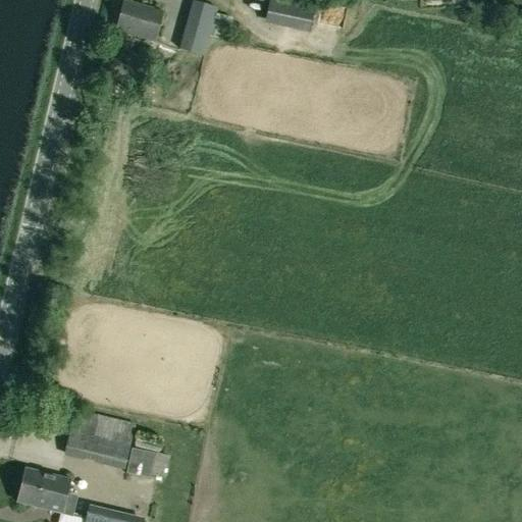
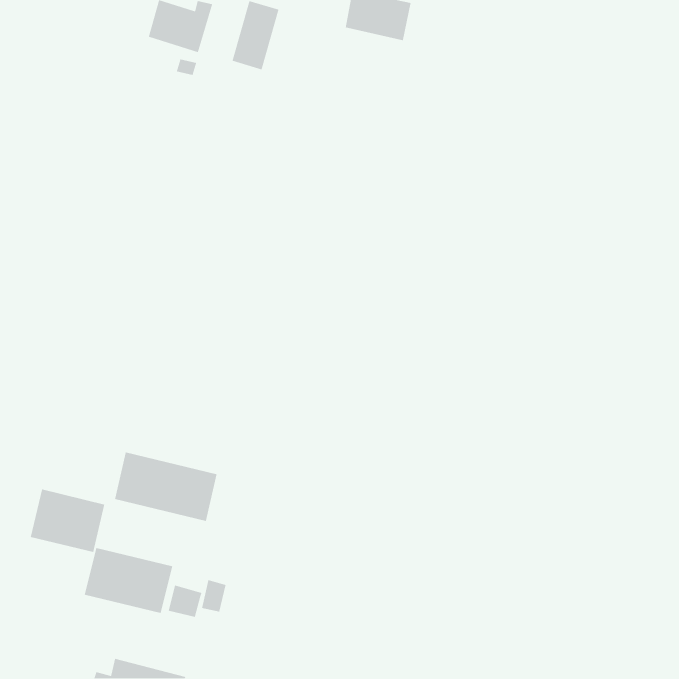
building: none -> [114,451,218,522]
building: none -> [30,489,105,553]
building: [18,468,71,513] -> none

